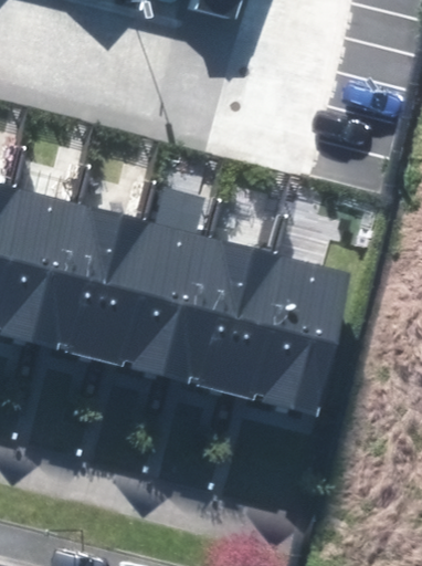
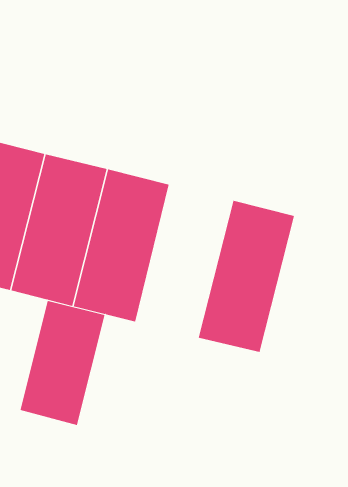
building: [179,238,281,399] -> none
building: none -> [20,300,105,426]

